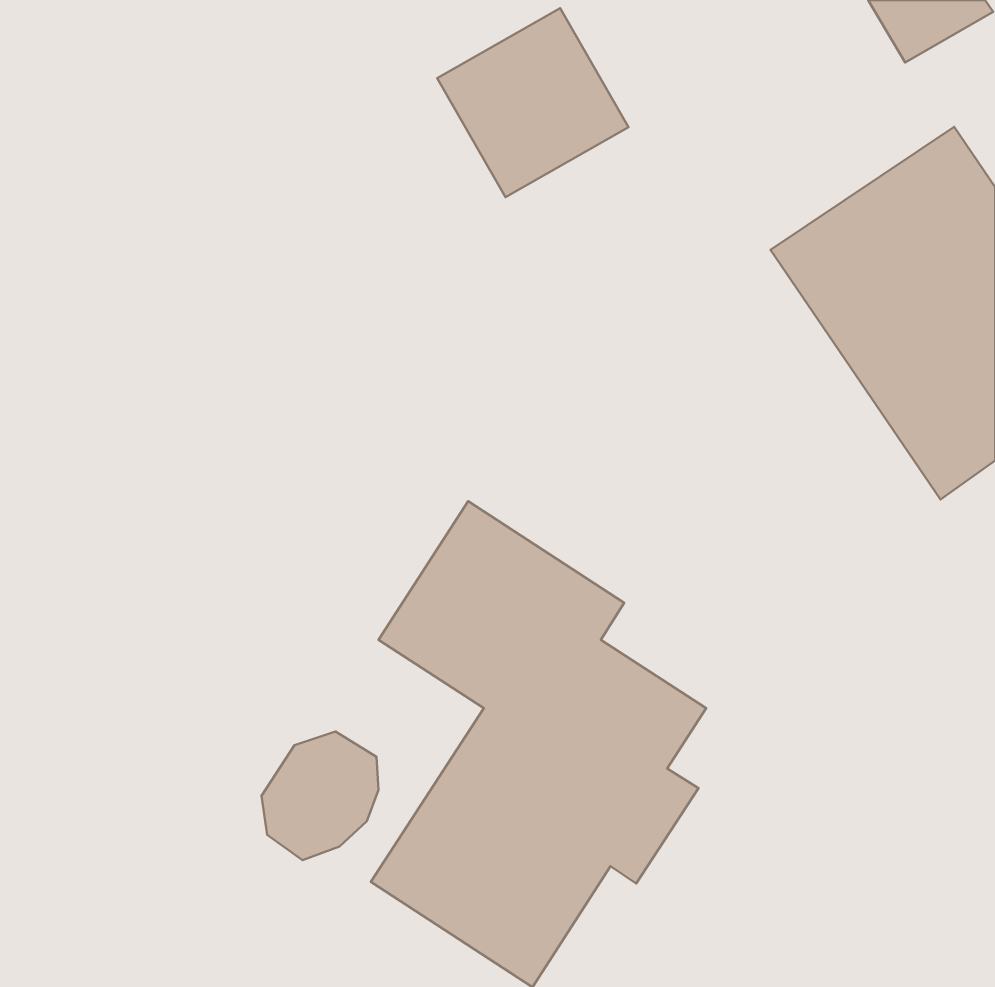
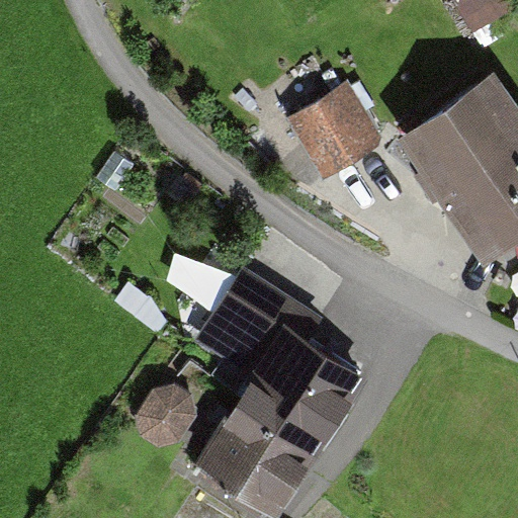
building: [437,8,628,197] -> [285,85,384,183]

